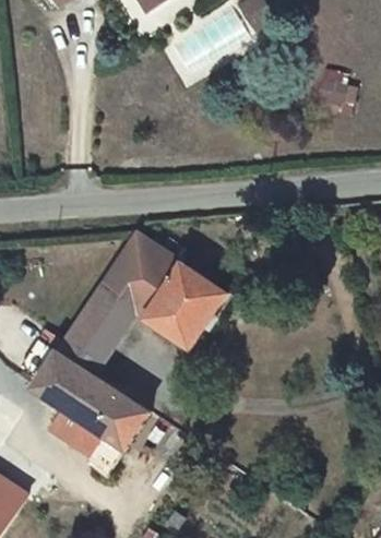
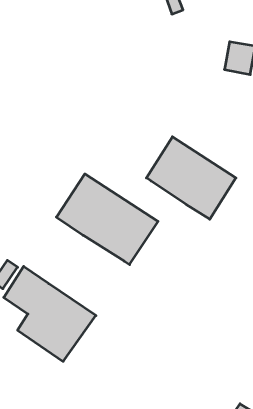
building: none -> [146,137,236,219]
building: [59,287,134,371] -> none

